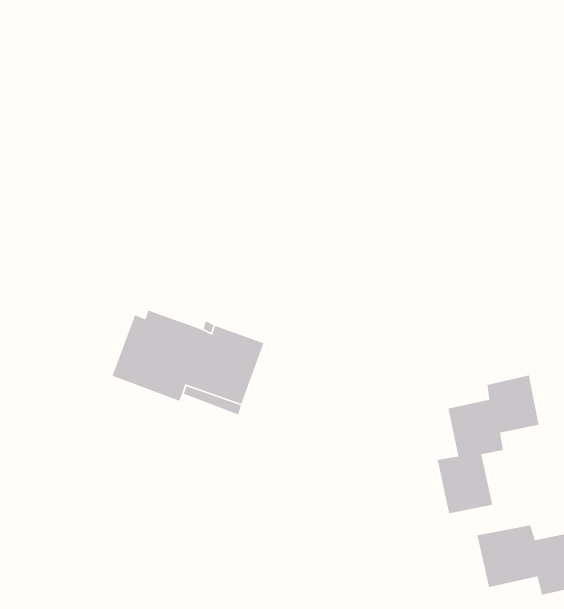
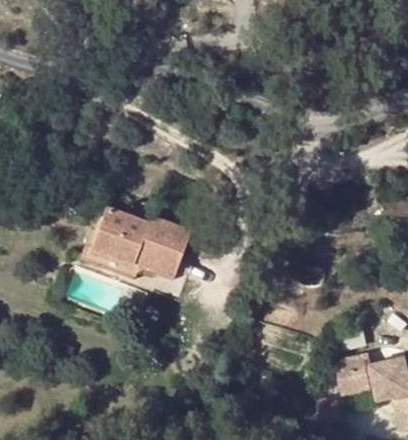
building: [437,375,539,514] -> none

